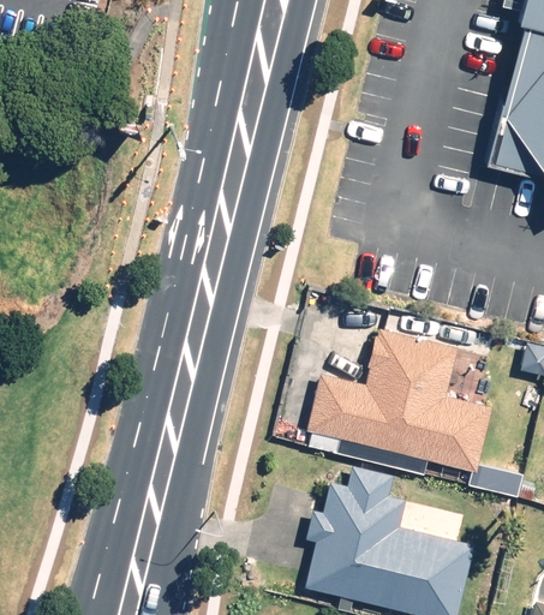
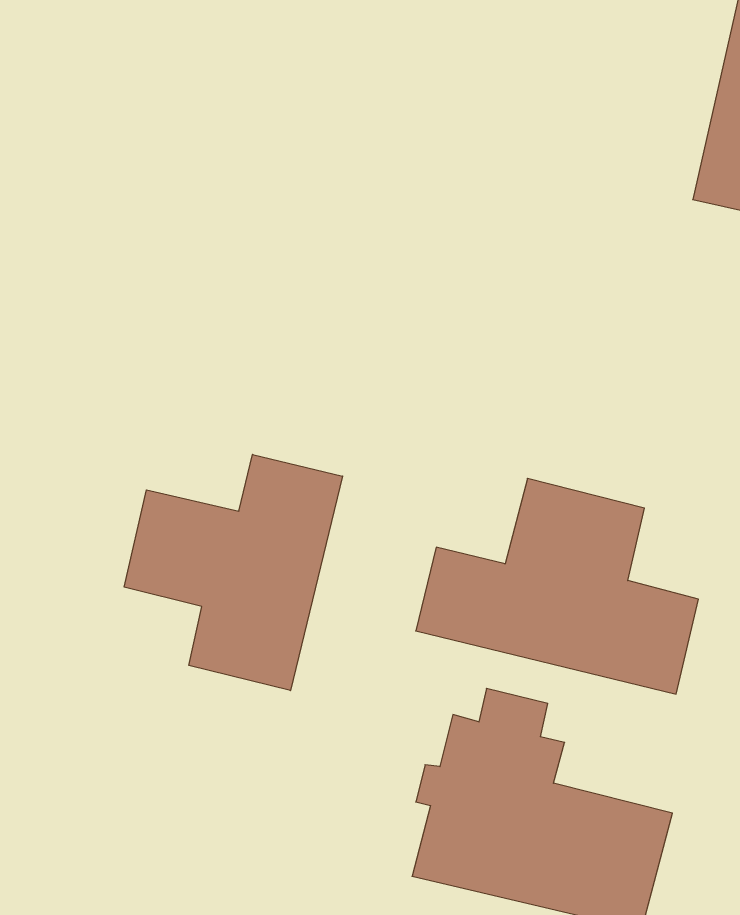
building: none -> [124,454,343,691]

